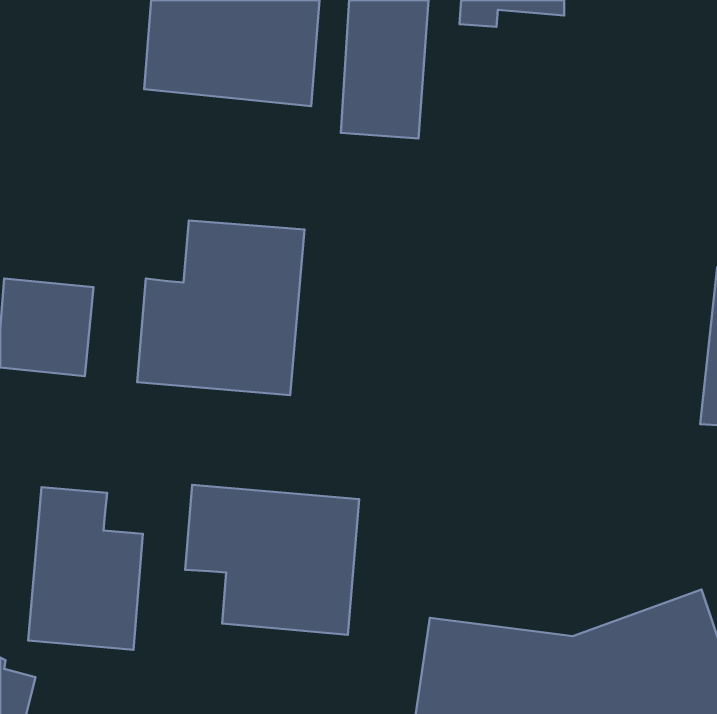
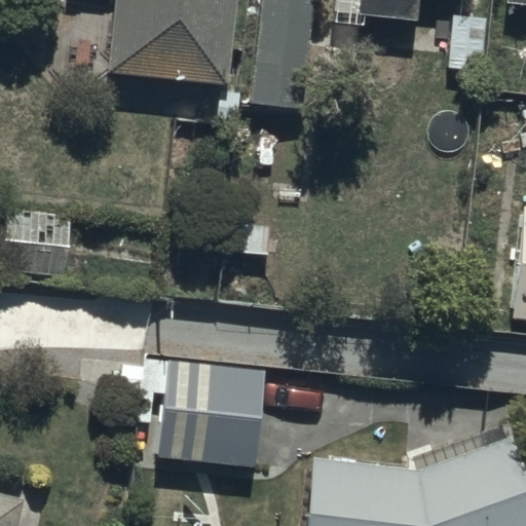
building: [137,220,304,395] -> none
building: [28,487,143,650] -> none

